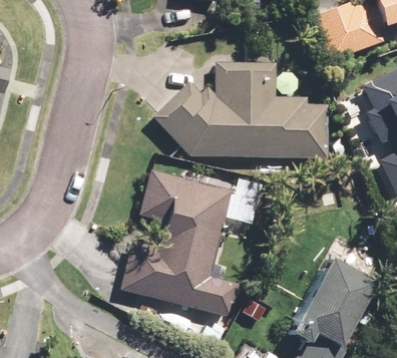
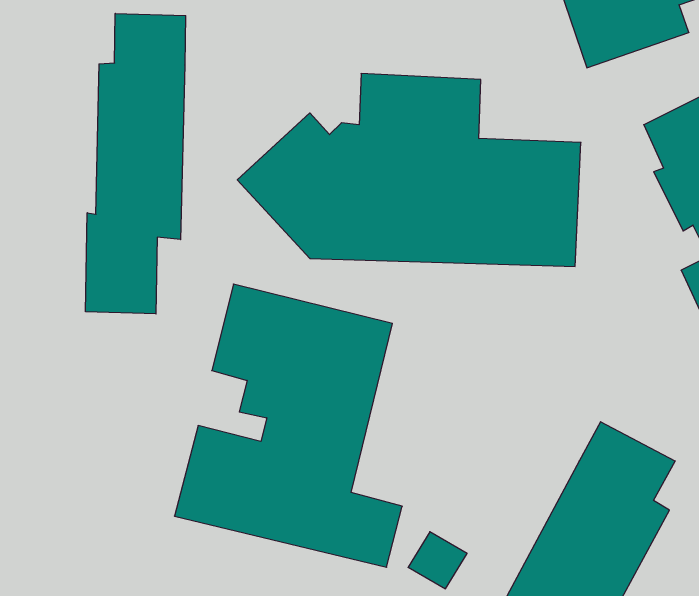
building: none -> [86,13,186,314]

